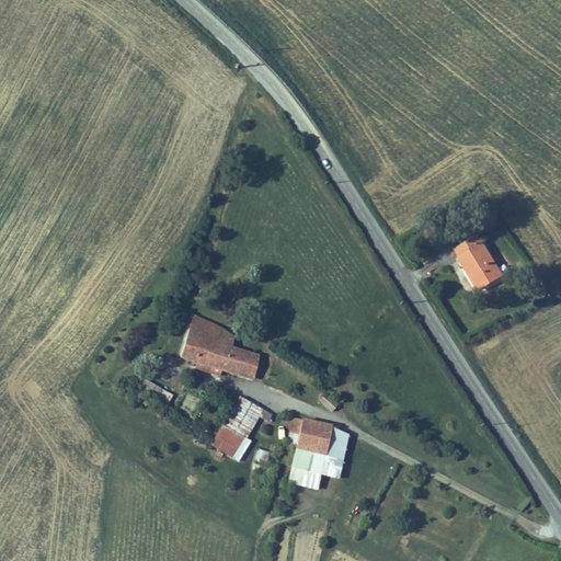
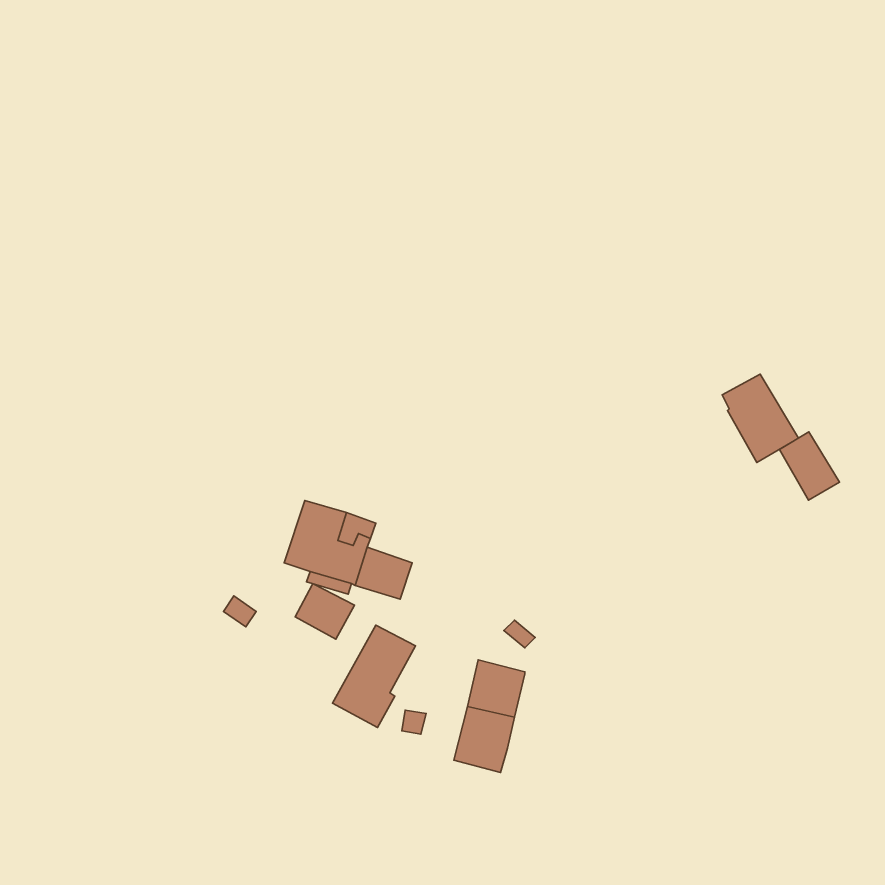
building: none -> [780,432,840,500]
building: none -> [295,584,355,639]
building: [321,426,348,478] -> none

